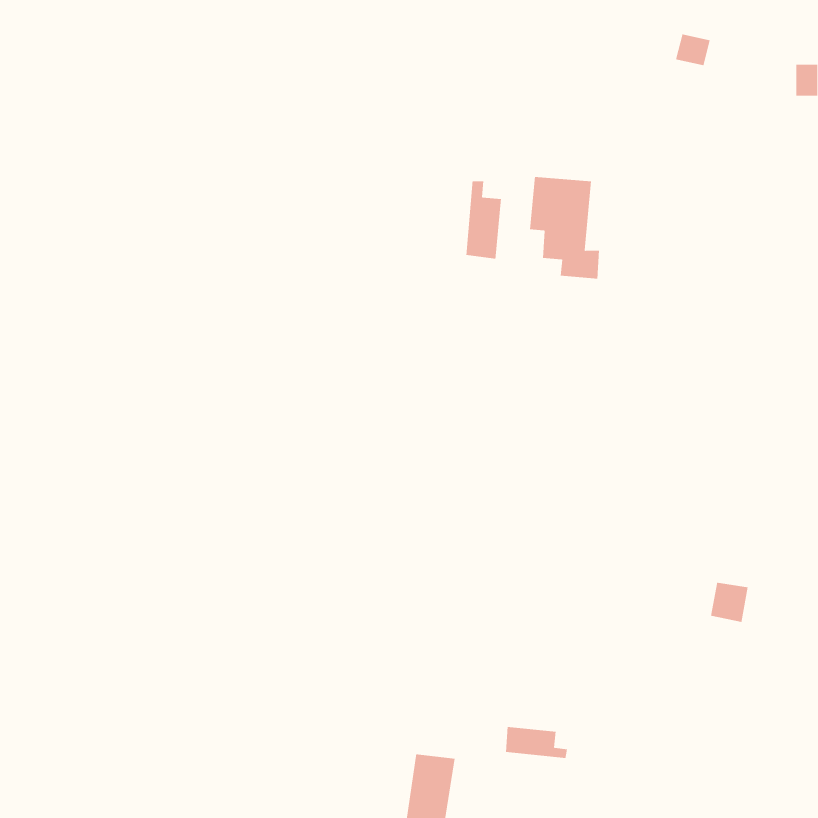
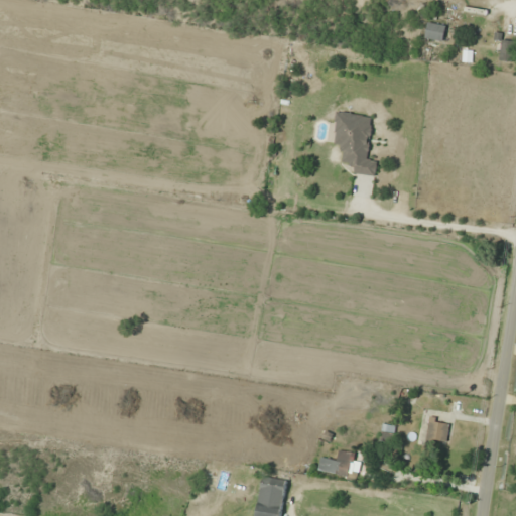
building: [466,181,502,259] -> none
building: [710,582,749,622] -> [425,418,449,443]

